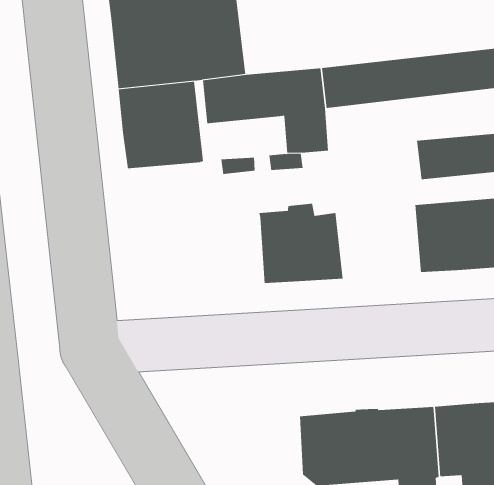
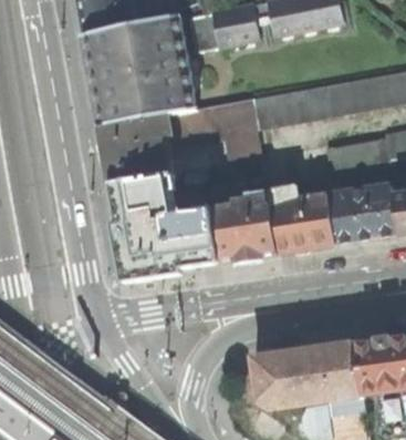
building: none -> [112,173,219,279]
building: none -> [267,183,334,252]

